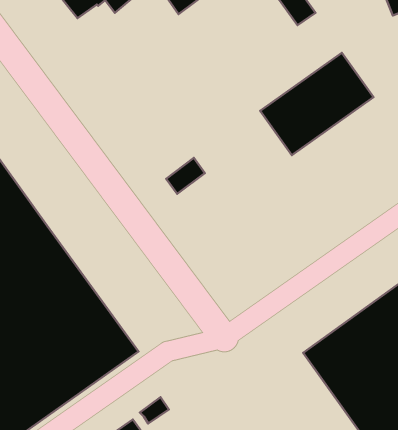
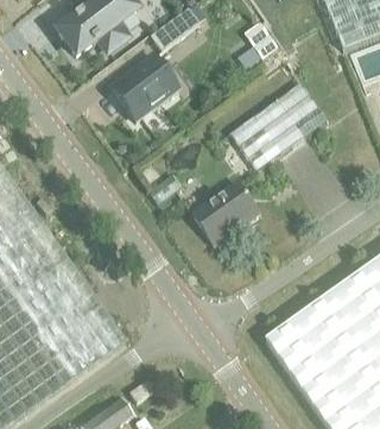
building: none -> [110,52,178,119]
building: none -> [195,183,260,244]

